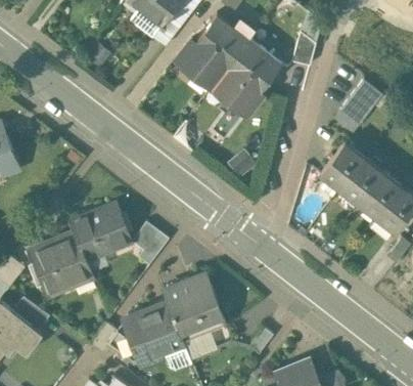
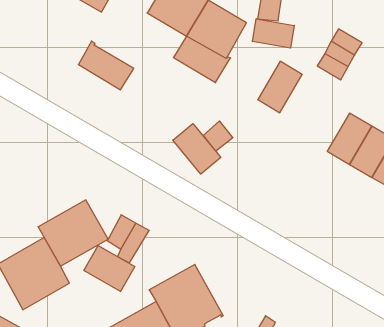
building: [177,40,226,87] -> [78,41,134,90]
building: none -> [252,19,294,48]
building: [320,143,363,189] -> [258,61,302,113]
building: none -> [173,124,221,174]
building: none -> [84,245,135,291]

